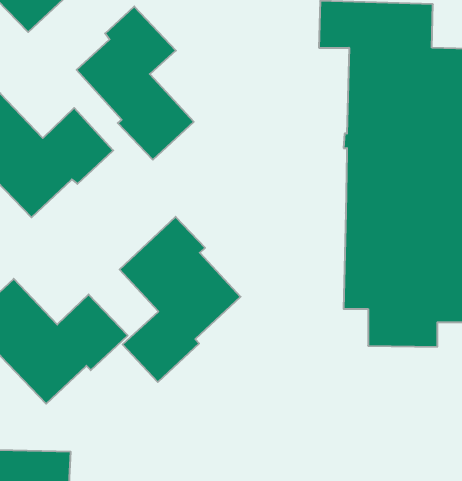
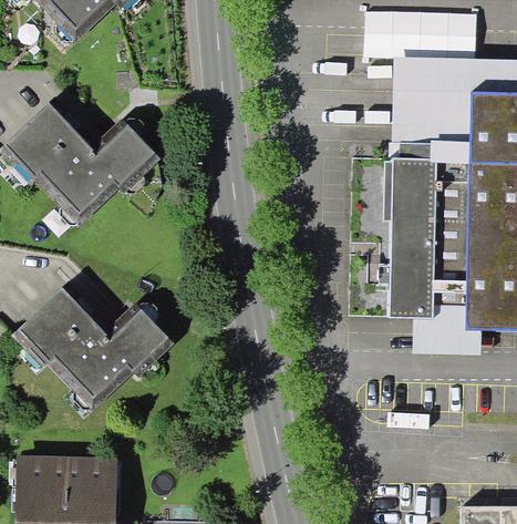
building: [77,6,194,160] -> none
building: [120,217,241,382] -> none

